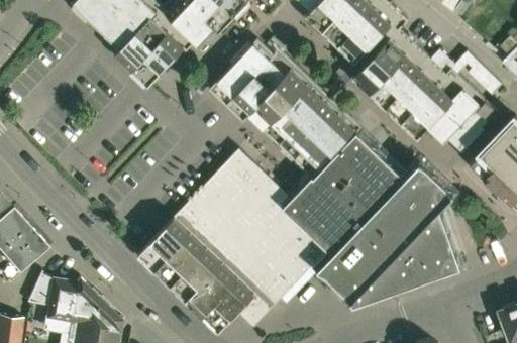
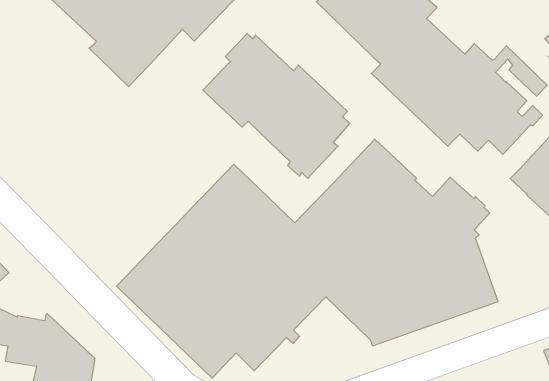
building: [308,108,357,168] -> none

